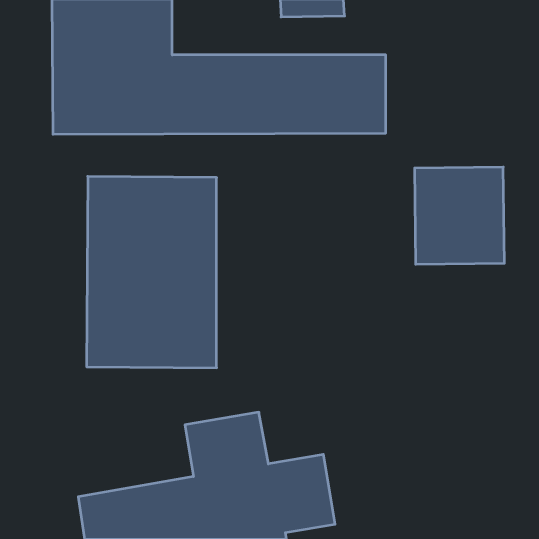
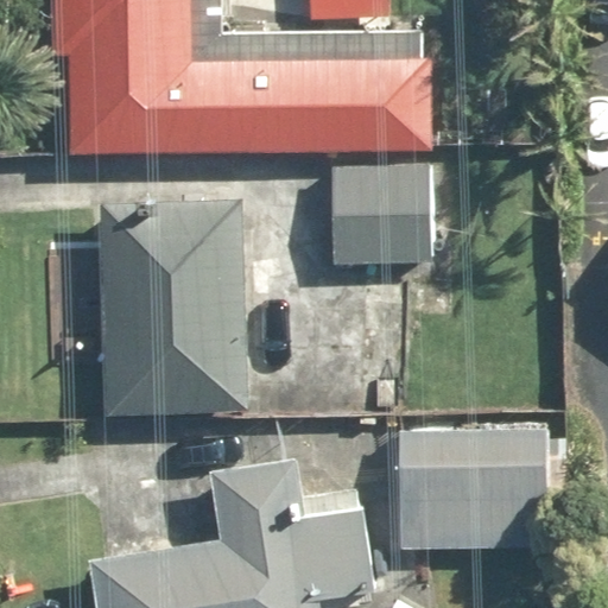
building: [415,167,504,264] -> [332,157,433,266]
building: none -> [401,425,550,551]

